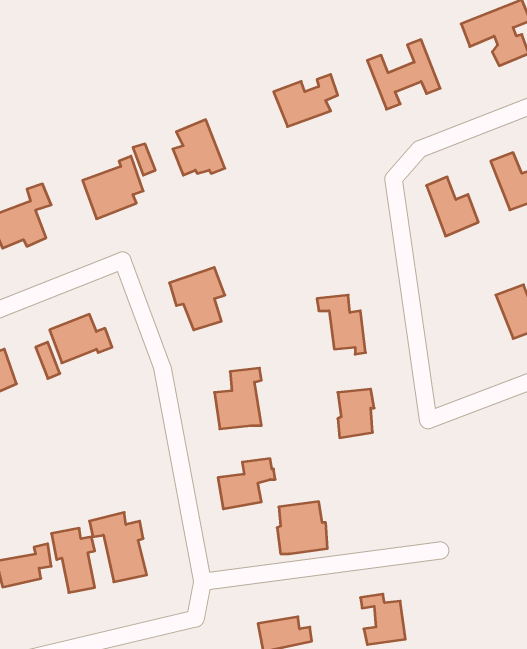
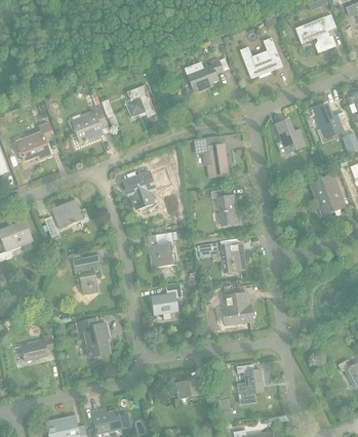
building: none -> [204,143,230,177]
building: [277,502,327,554] -> [222,292,251,323]
building: [51,528,95,593] -> [72,256,97,294]

